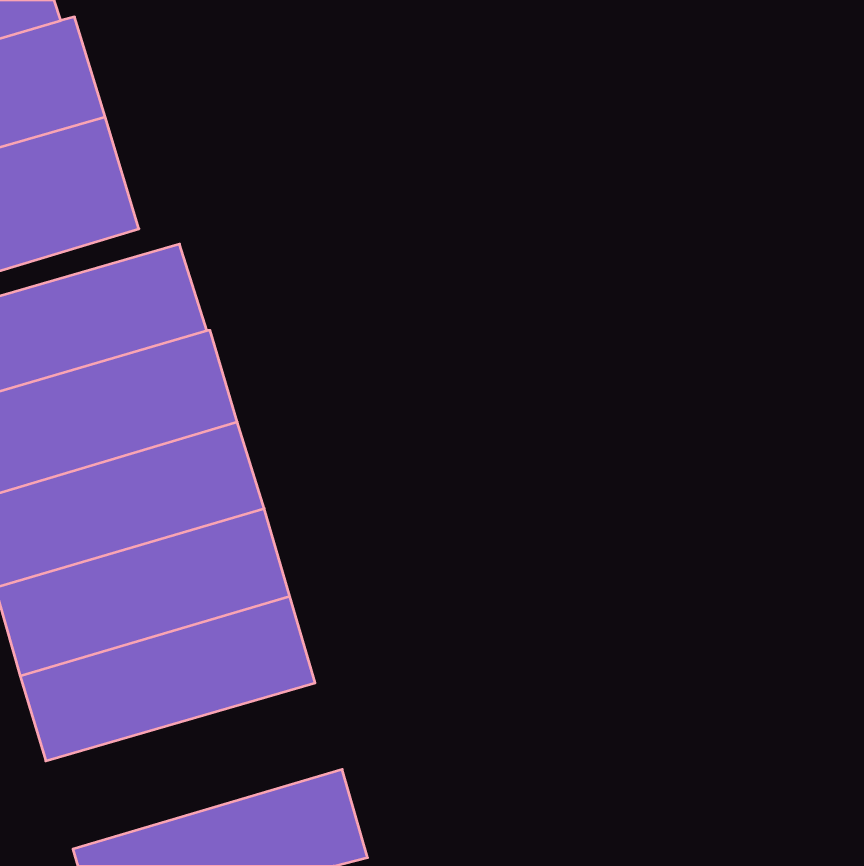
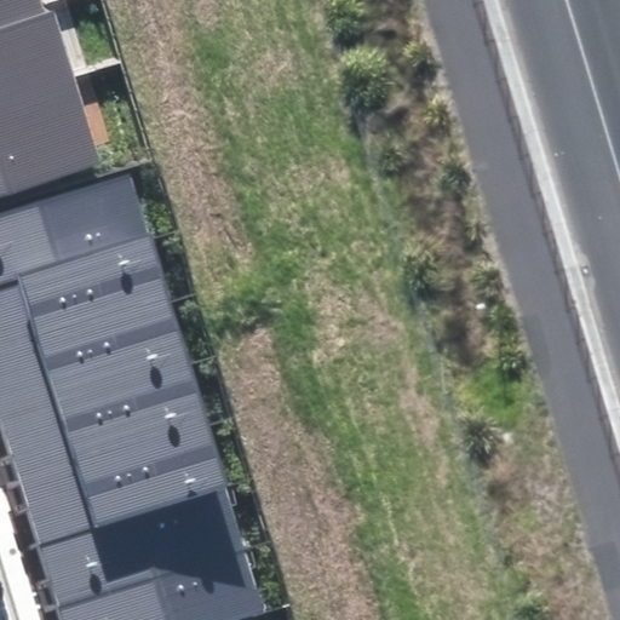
building: none -> [33,488,245,607]

